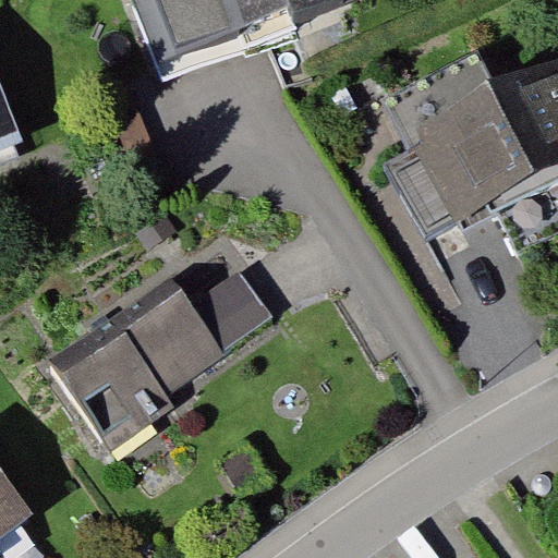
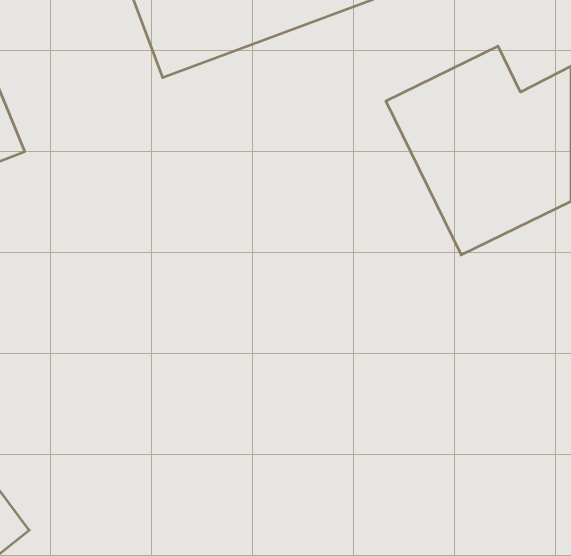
building: [59,260,276,441] -> none

